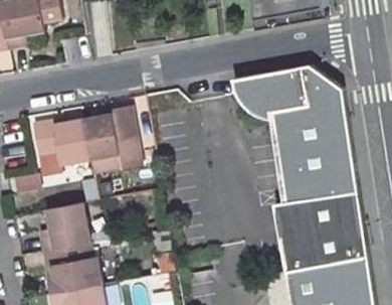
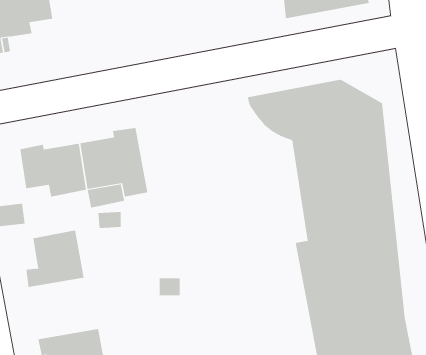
building: [43,236,103,287] -> none

